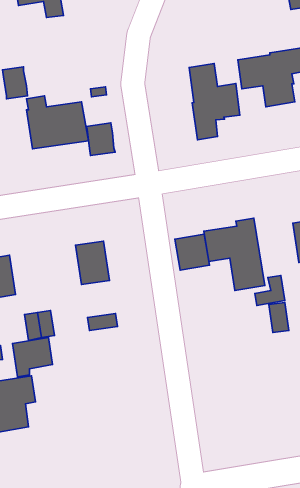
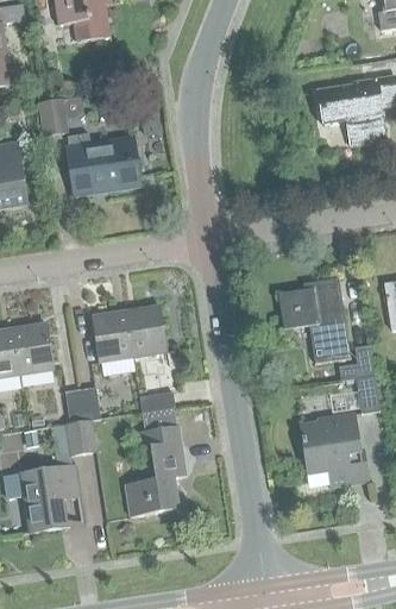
building: [189,64,240,140] -> none
building: [86,123,115,156] -> none
building: [175,234,209,270] -> none
building: none -> [92,309,132,360]
building: none -> [300,414,366,485]
building: none -> [124,425,184,516]

